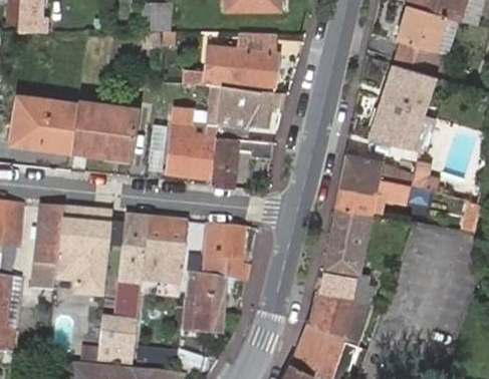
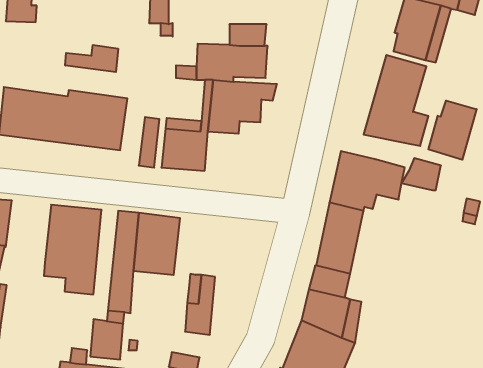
building: none -> [65,45,118,72]
building: none -> [428,101,477,160]
building: [211,138,271,186] -> none
building: [35,208,62,278] -> none
building: [205,225,245,282] -> none

